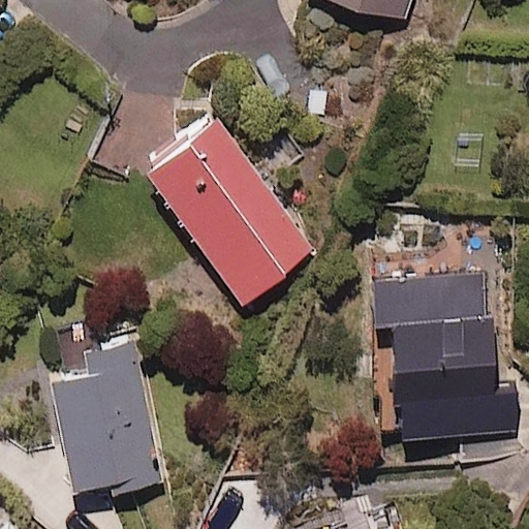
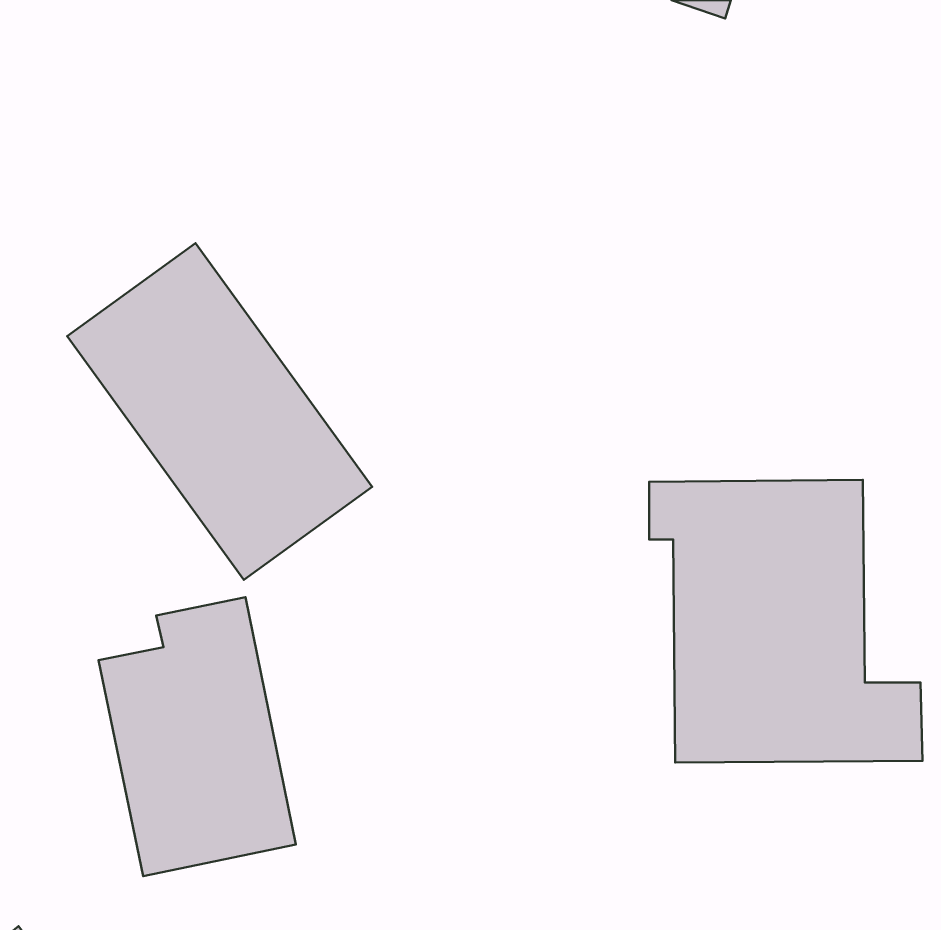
building: [143,117,312,304] -> [67,243,372,580]

